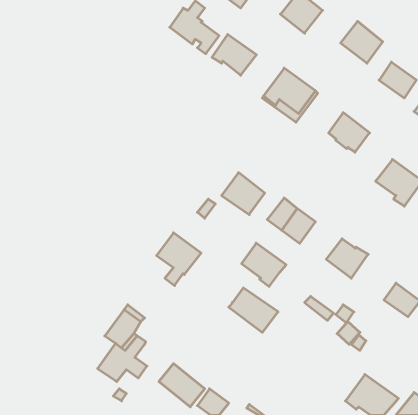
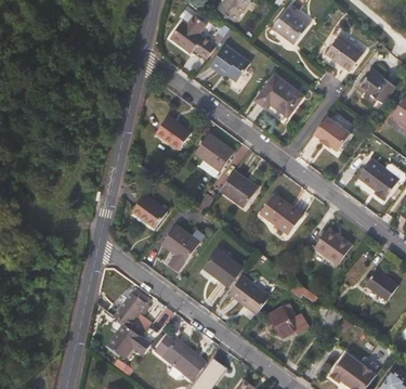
building: none -> [155,116,188,150]
building: none -> [194,132,233,178]
building: none -> [131,193,166,228]
building: [242,243,286,286] -> [202,247,243,286]
building: none -> [267,302,307,338]

